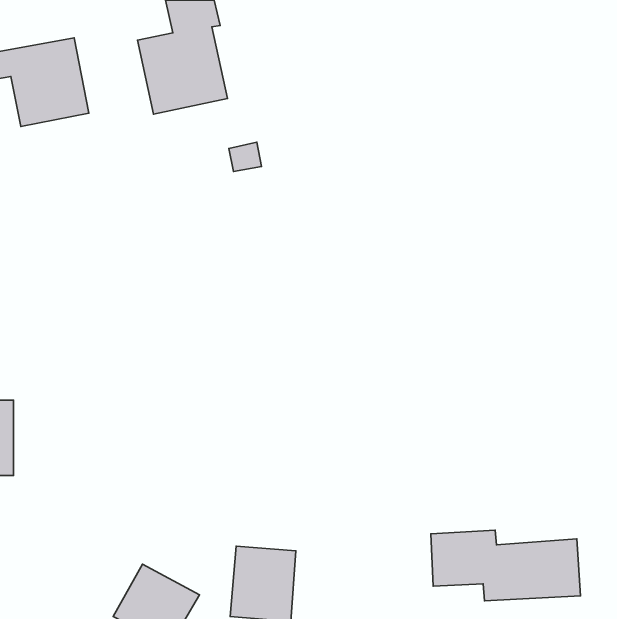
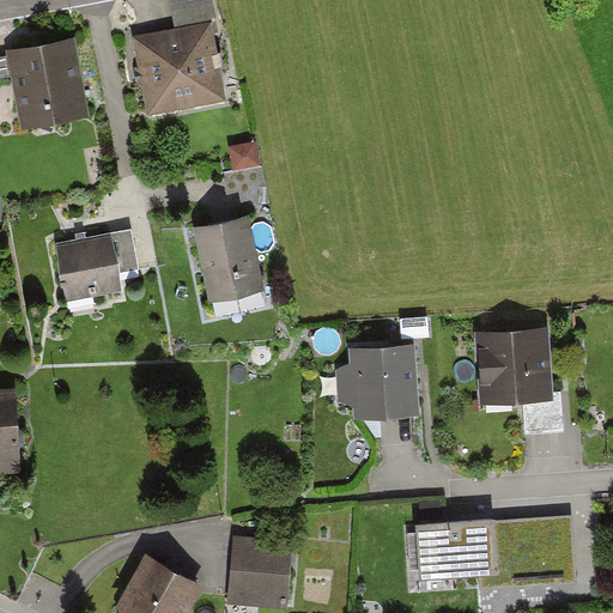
building: none -> [198,218,256,299]
building: none -> [55,232,136,298]
building: none -> [475,328,548,402]
building: none -> [335,345,418,420]

